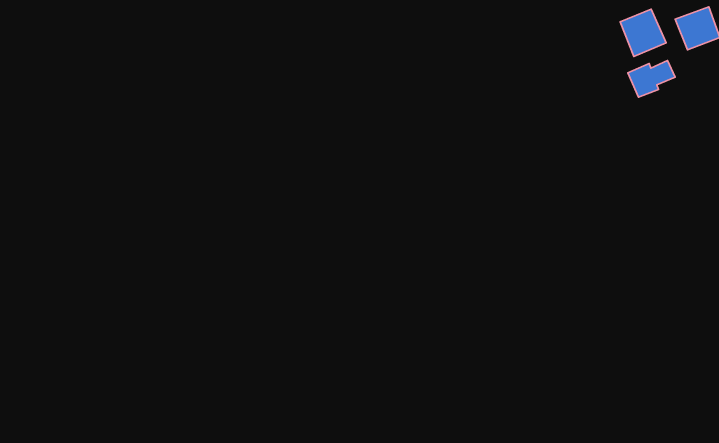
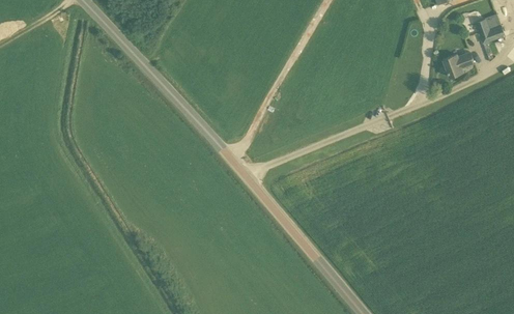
building: [620,9,666,57] -> none

